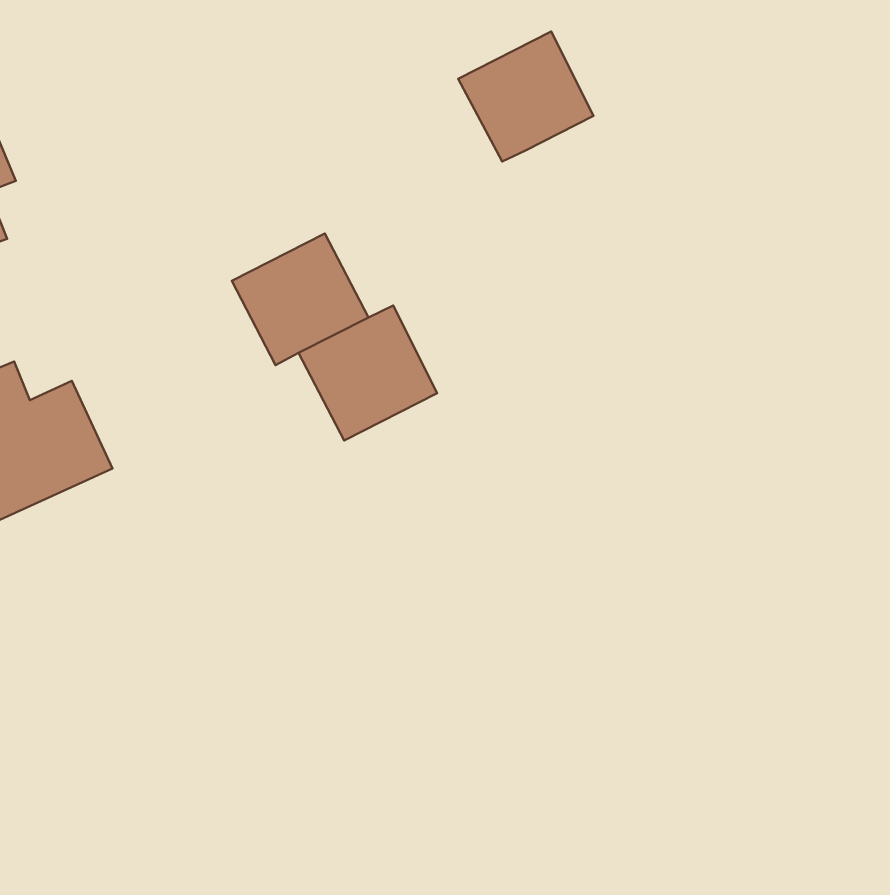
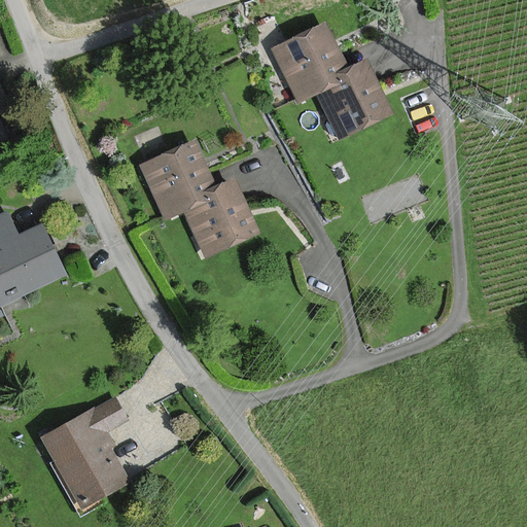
building: none -> [308,60,389,140]
building: none -> [44,398,133,507]

